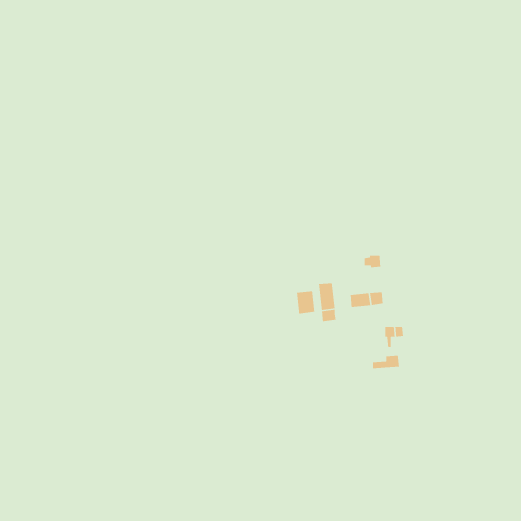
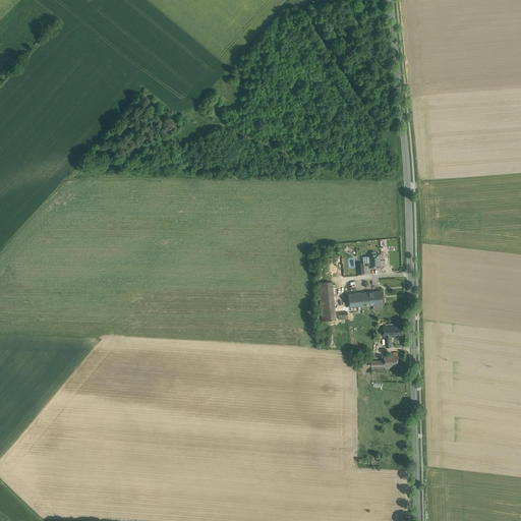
building: [296,291,315,314] -> none

